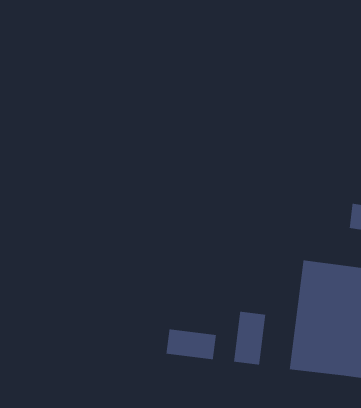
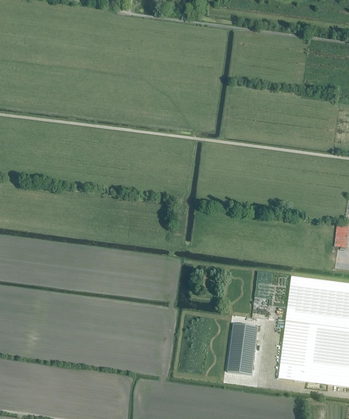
building: [166,329,217,360] -> none

